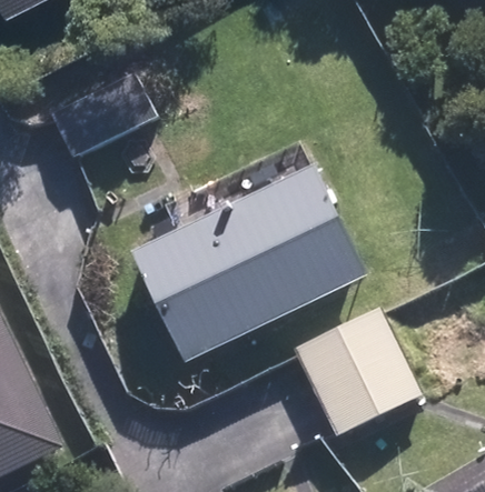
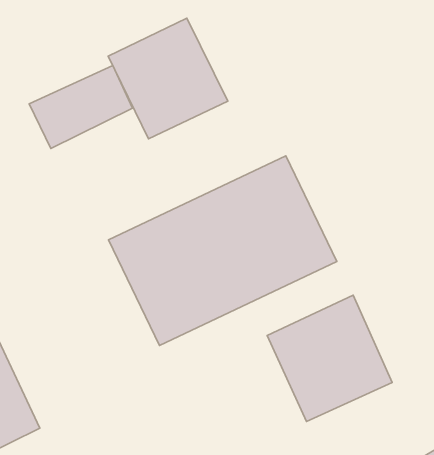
building: none -> [108,18,228,139]

